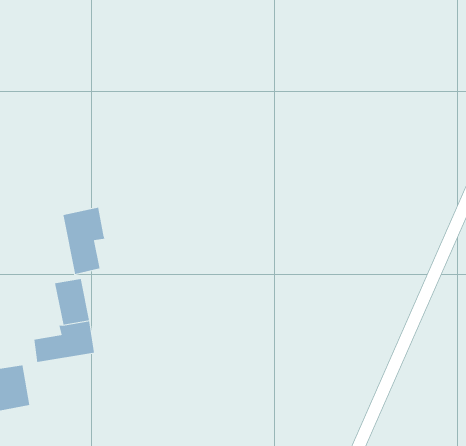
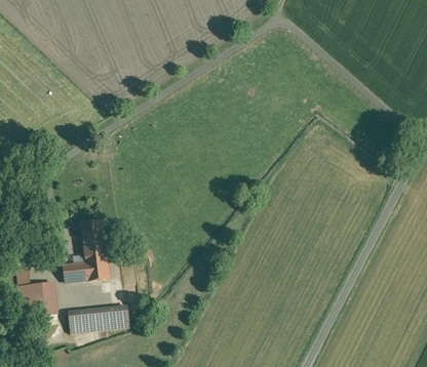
building: [63,207,105,275] -> none
building: none -> [69,305,129,332]

